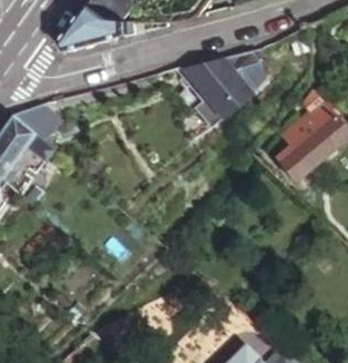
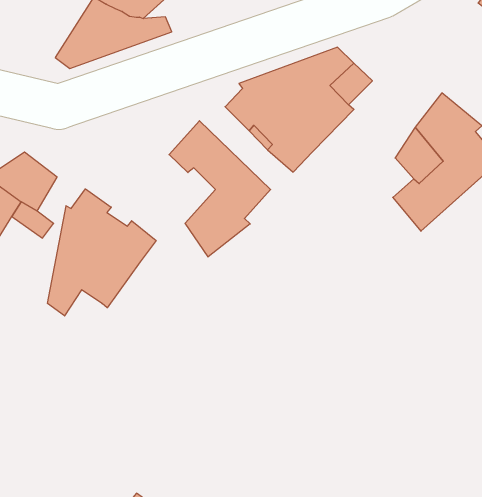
building: none -> [169,121,271,257]
building: none -> [47,189,156,316]

